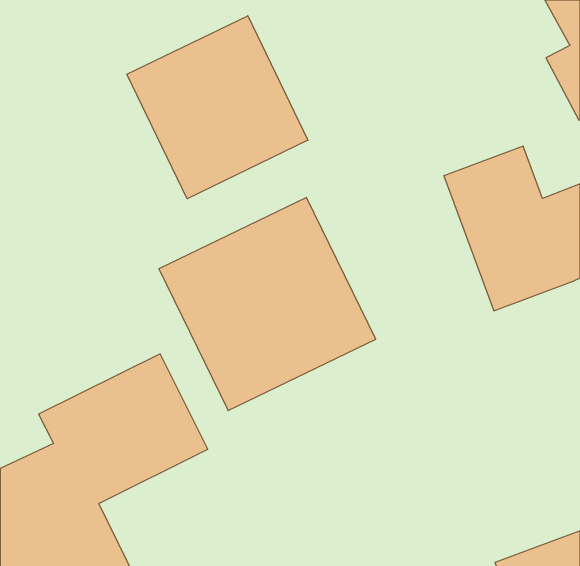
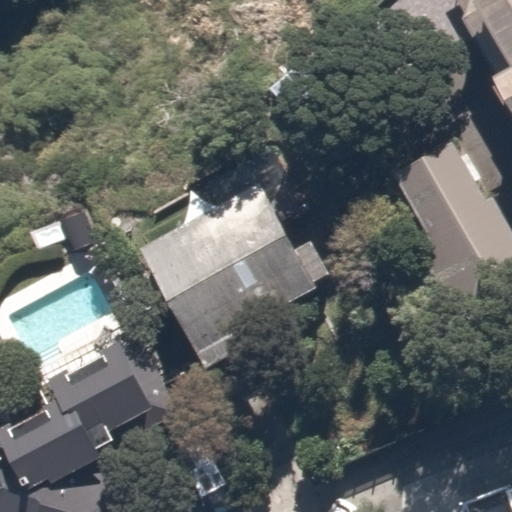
building: [127,16,308,199] -> none

